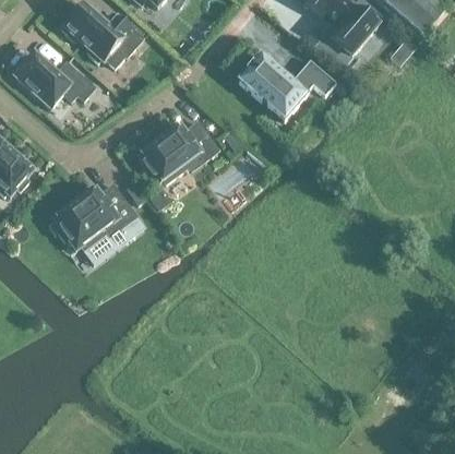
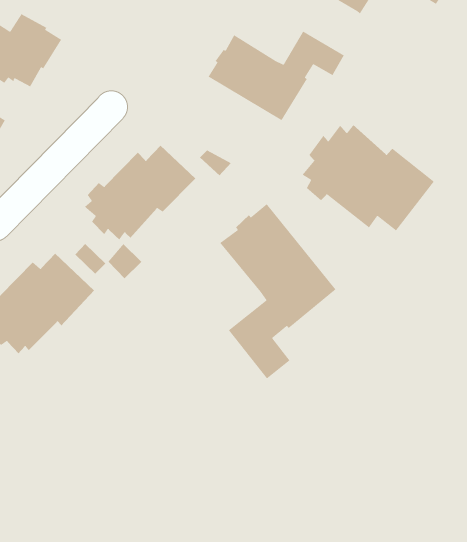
building: none -> [301,124,435,232]
building: none -> [219,203,337,379]

